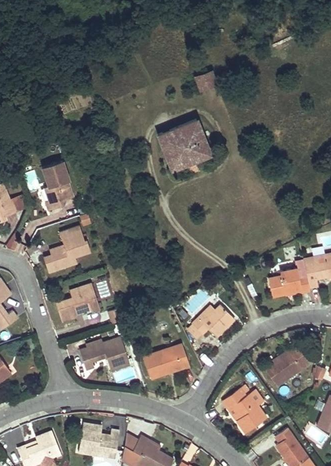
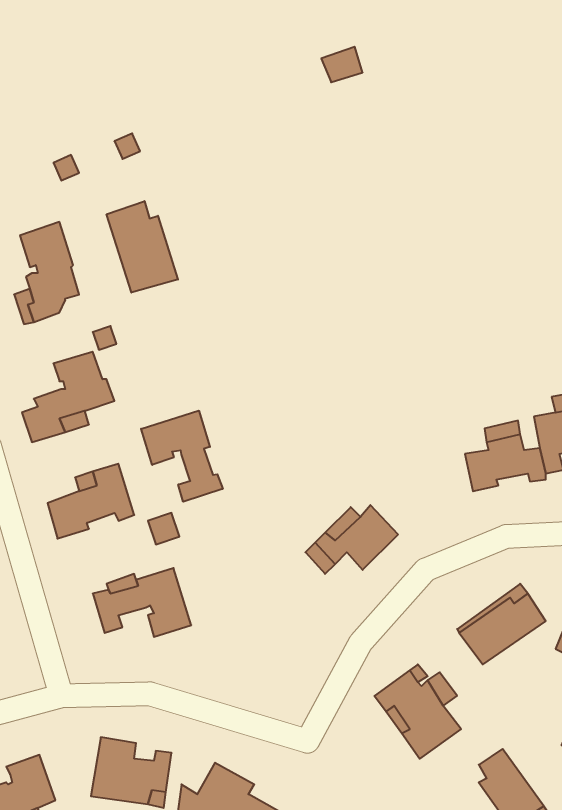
building: [158,121,210,170] -> none
building: none -> [107,201,178,293]
building: none -> [141,411,223,502]
building: [143,347,189,379] -> none

